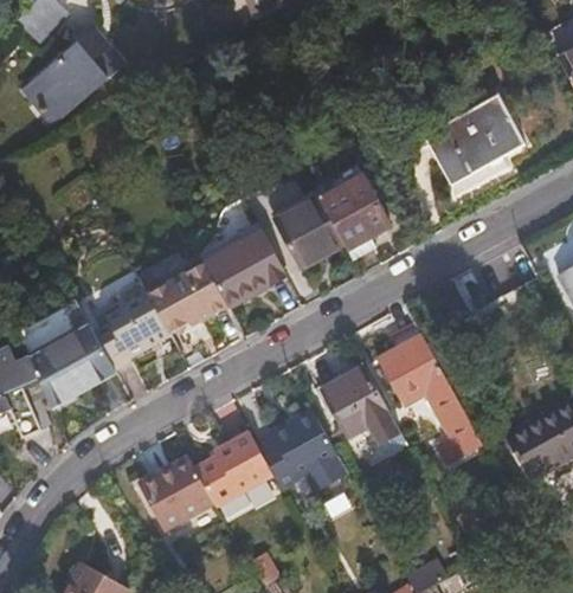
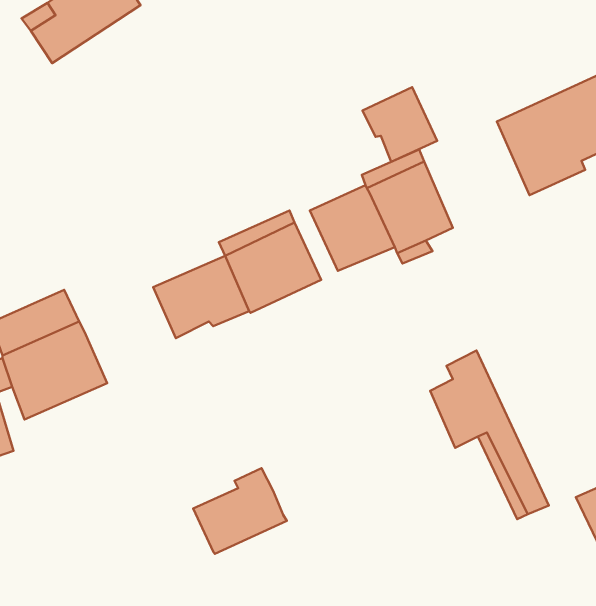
building: none -> [363,87,437,162]
building: [96,286,170,369] -> none
building: [321,368,398,440] -> none
building: [258,411,337,488] -> none
building: [137,457,213,530] -> none

